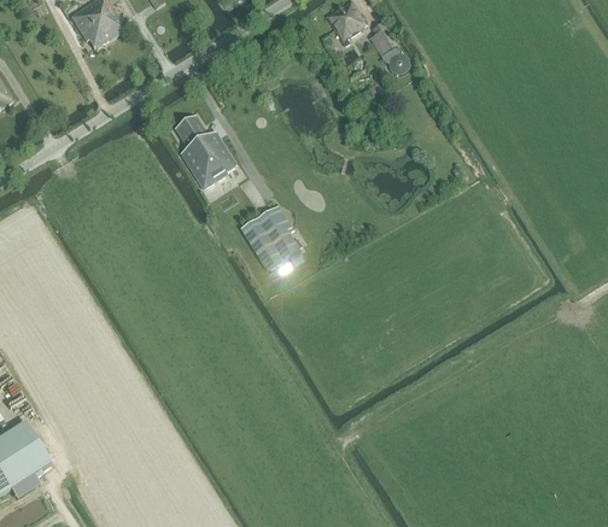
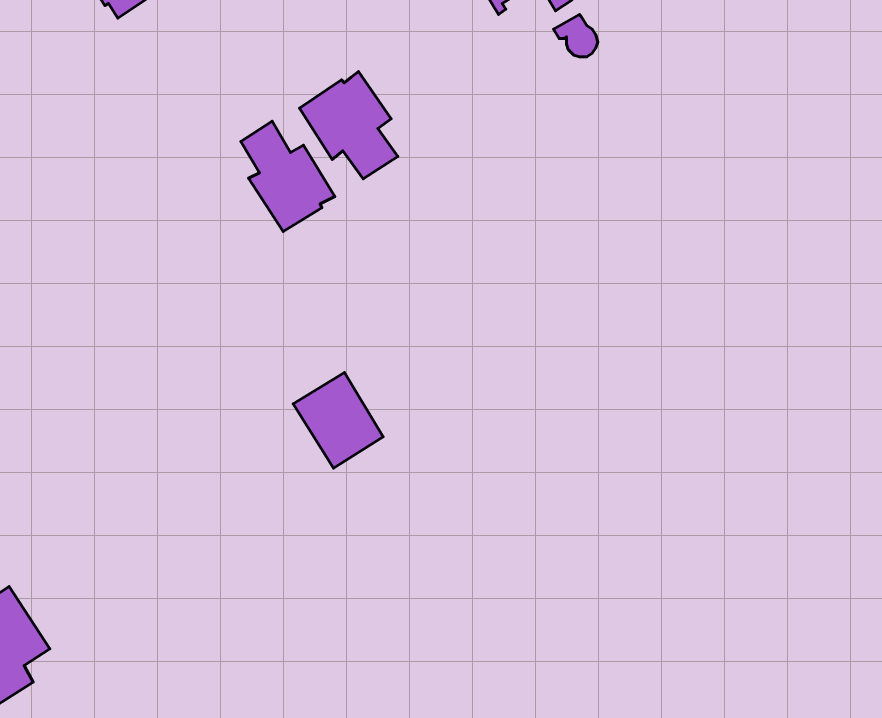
building: none -> [299,72,398,179]
building: [240,206,299,269] -> [293,373,383,468]

